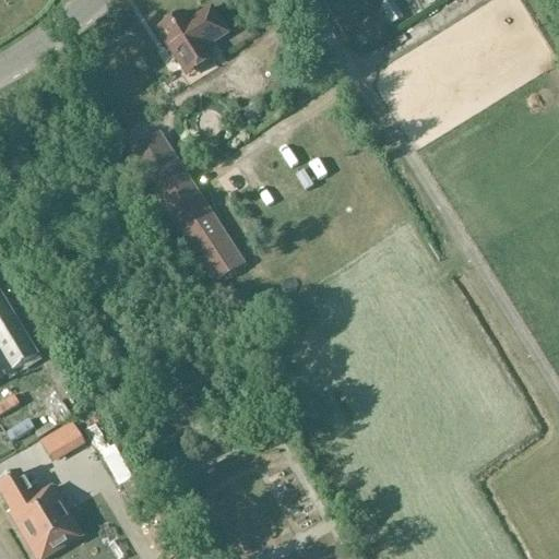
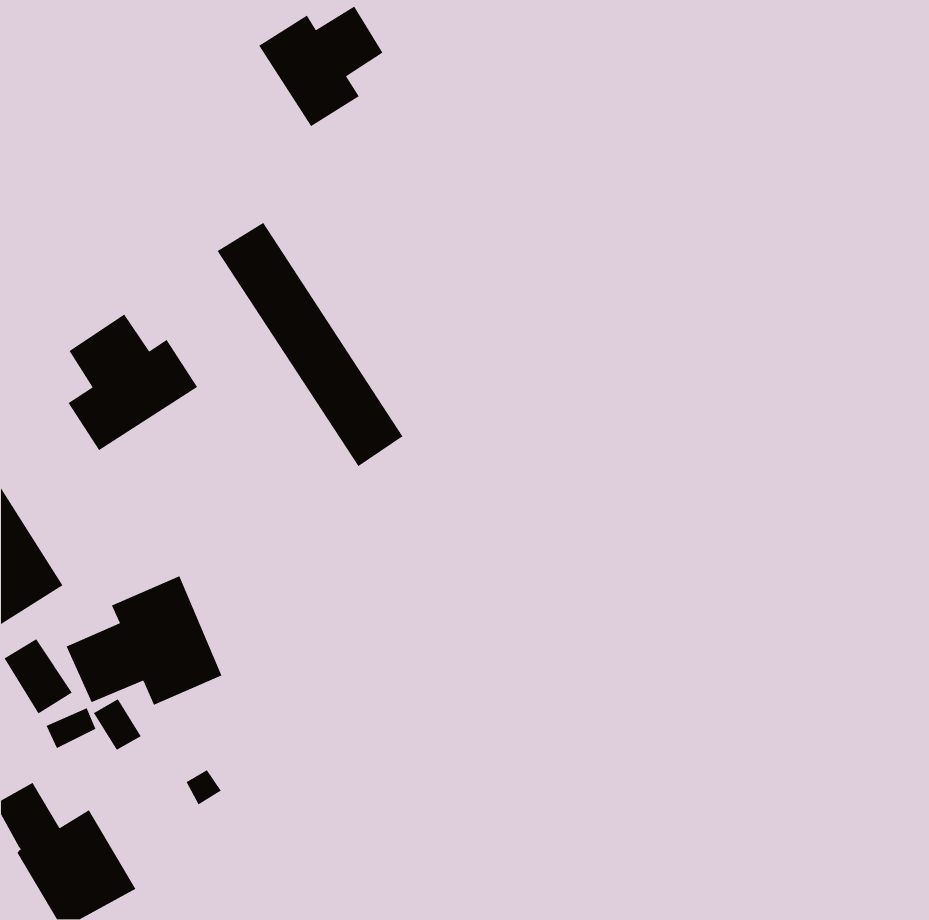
building: none -> [67,313,198,451]
building: none -> [66,575,222,706]

